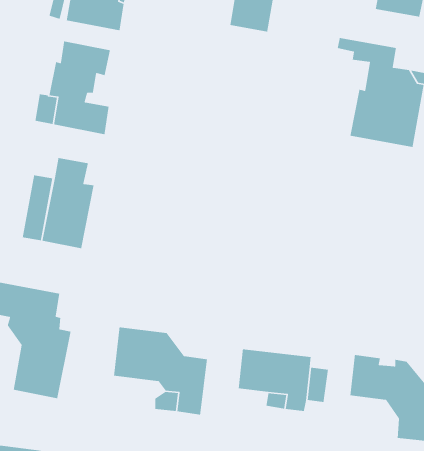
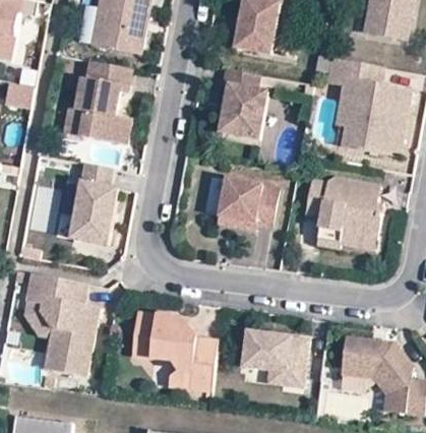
building: none -> [327,68,359,133]
building: none -> [221,69,267,139]
building: none -> [305,178,380,249]
building: none -> [219,179,277,230]

